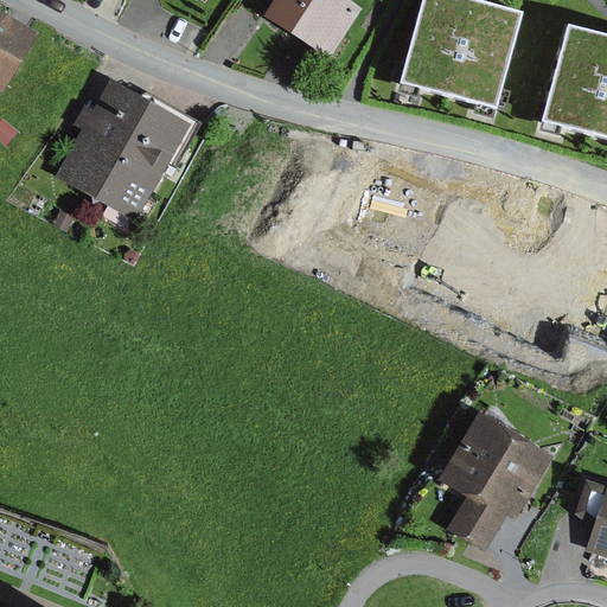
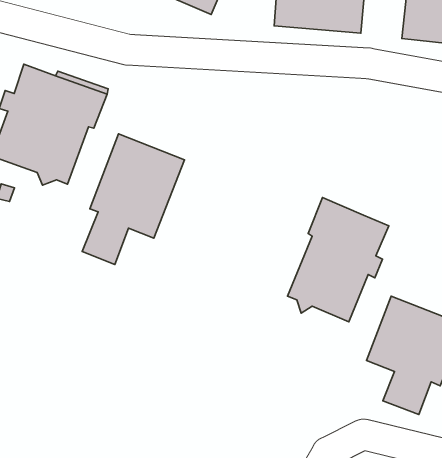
building: none -> [82,134,185,264]
building: none -> [287,197,389,322]

